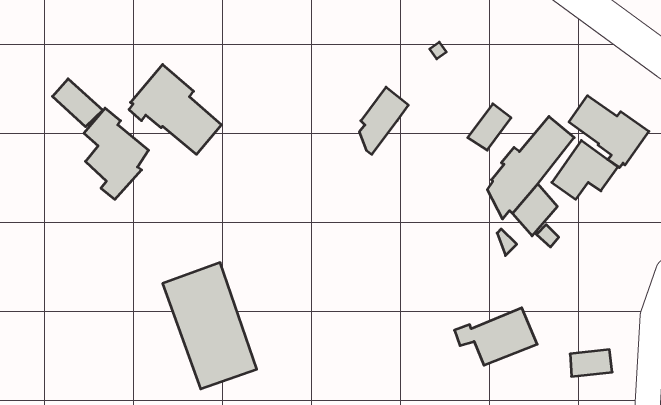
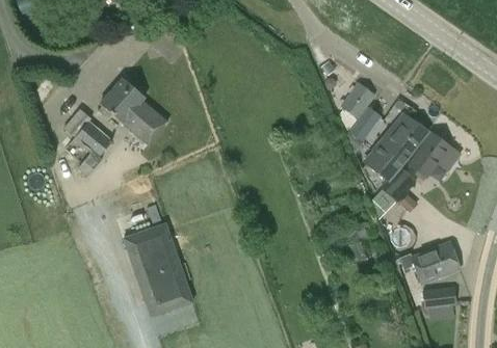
building: [52,79,103,127] -> none
building: [359,87,408,154] -> [339,81,375,131]
building: [569,96,649,168] -> none
building: [454,308,537,365] -> [399,241,461,284]

